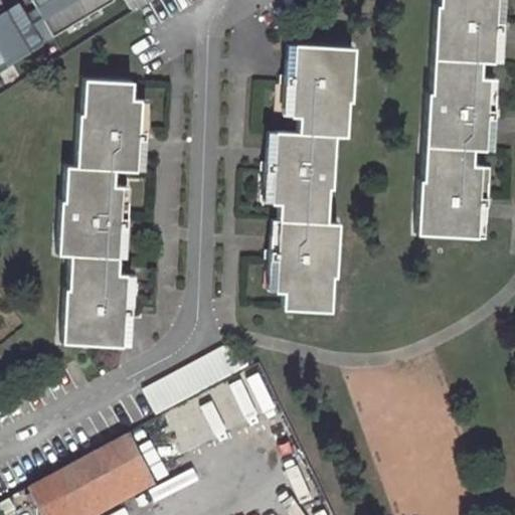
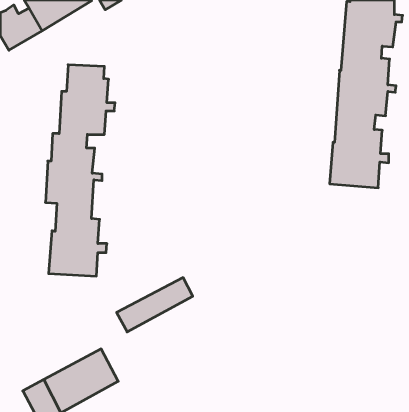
building: [266,45,357,309] -> none

